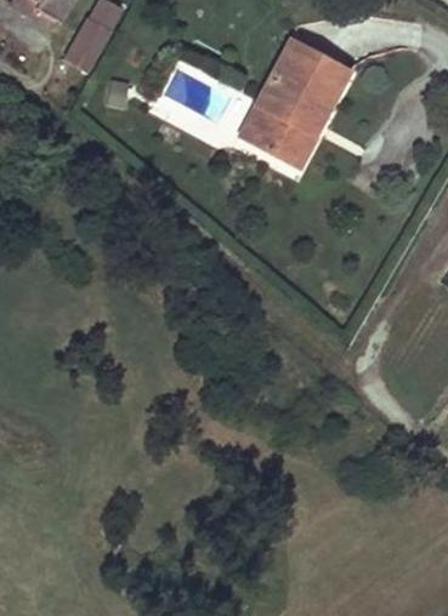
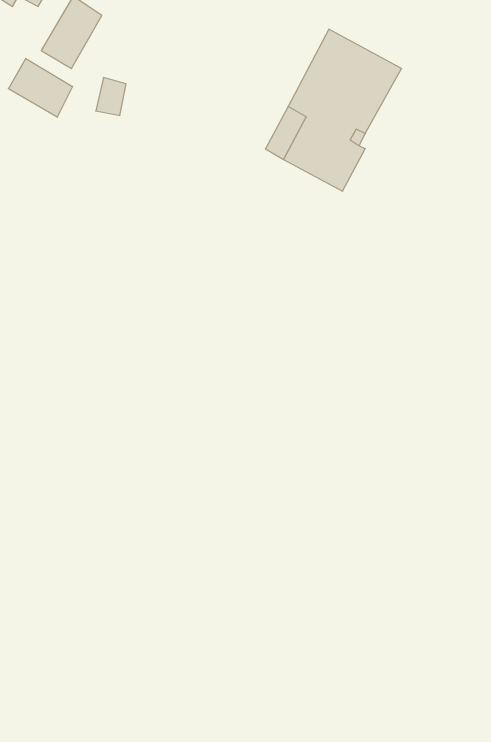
building: none -> [8,58,73,117]

